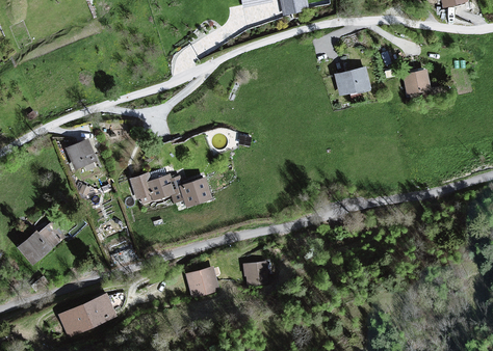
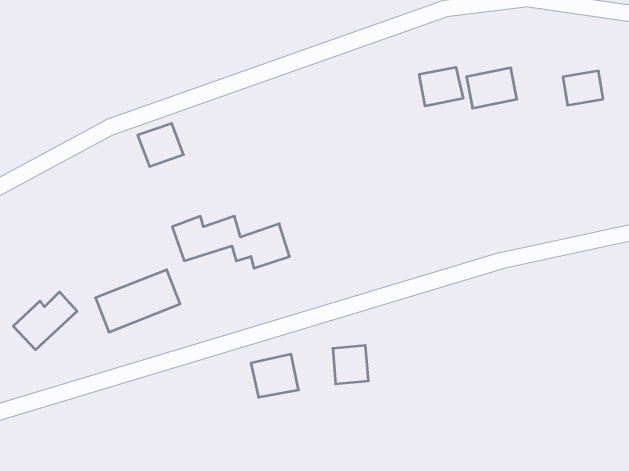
building: none -> [419,67,463,106]
building: [66,139,98,169] -> [138,123,184,166]
building: [56,295,115,339] -> [95,270,180,332]

